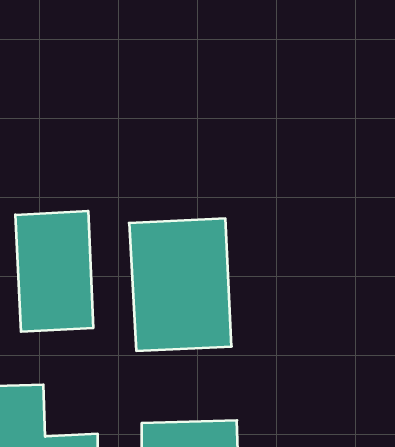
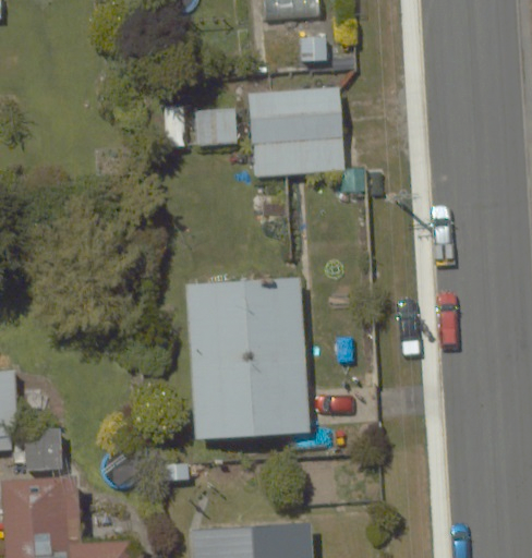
building: none -> [167,87,347,177]
building: [15,211,93,332] -> none

